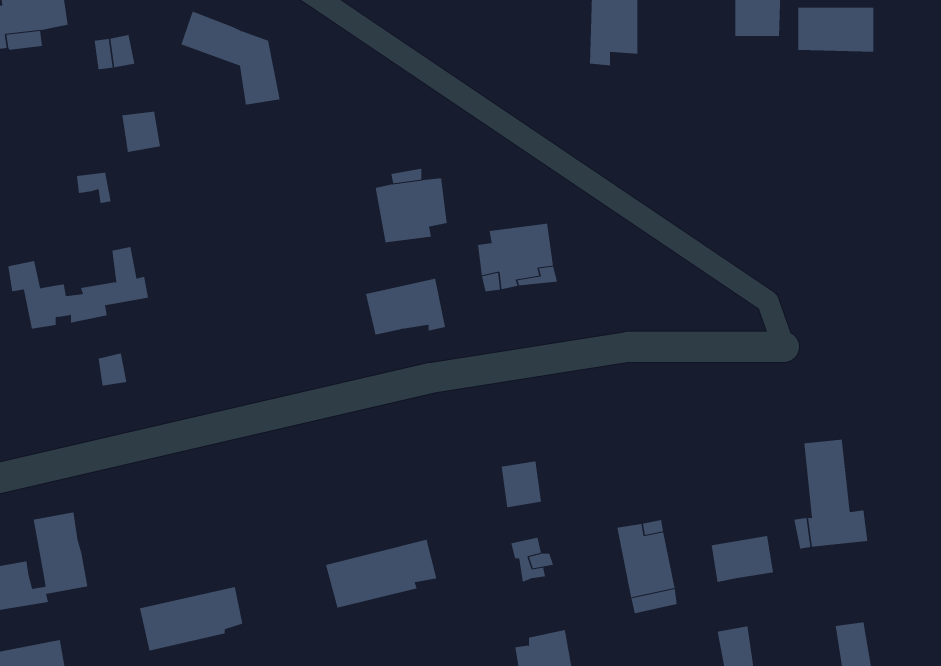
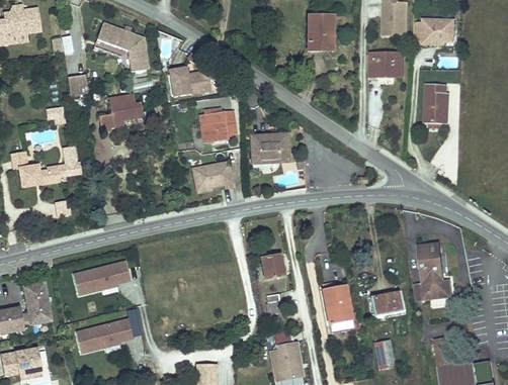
building: none -> [370,54,403,77]
building: none -> [170,66,213,96]
building: none -> [425,84,448,124]
building: none -> [97,95,143,132]
building: [325,539,437,608] -> [71,261,129,296]

